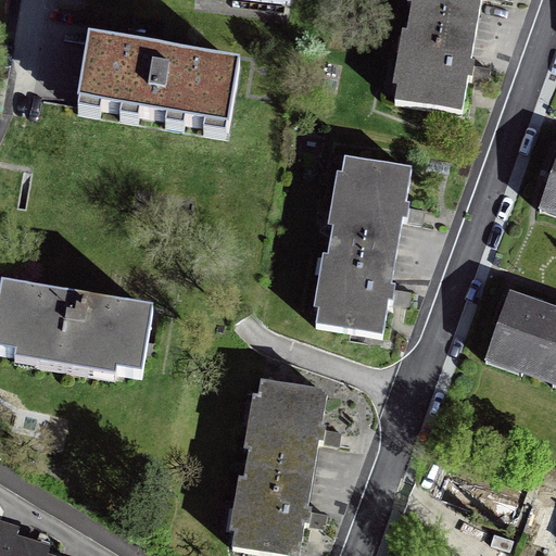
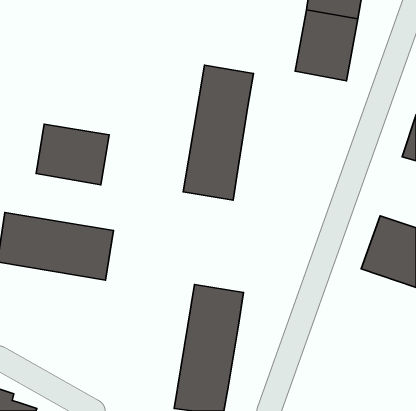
building: [76,35,237,123] -> none
building: [317,154,410,333] -> [183,65,254,200]
building: none -> [36,124,109,185]

